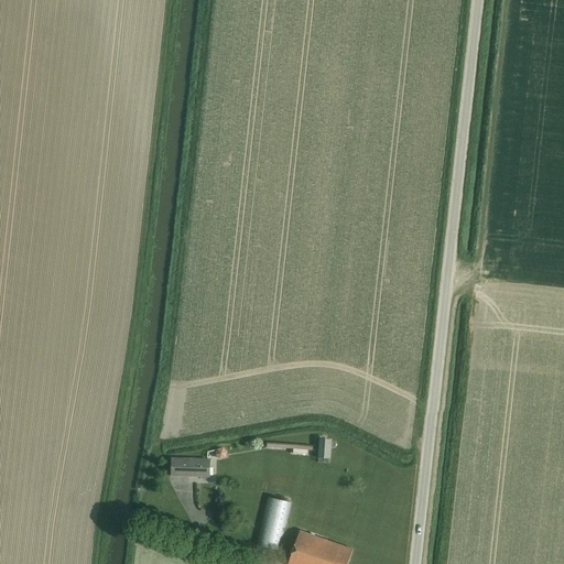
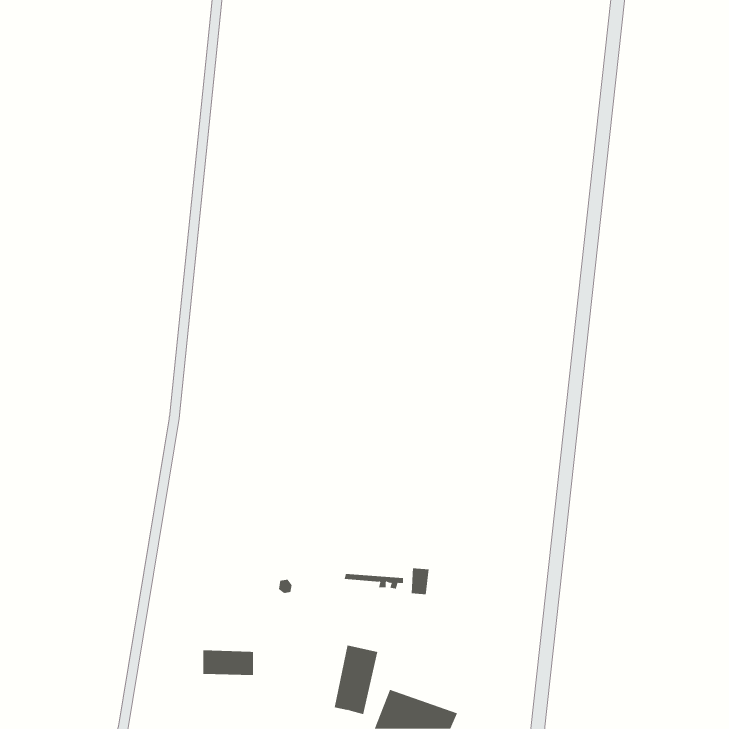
building: [170,457,209,477] -> [203,650,254,676]

